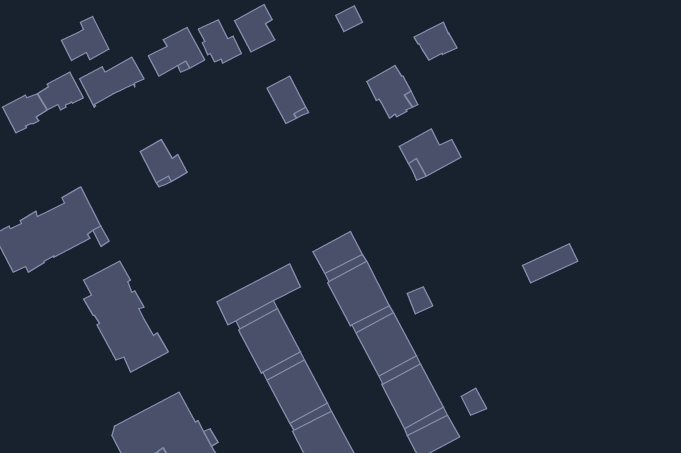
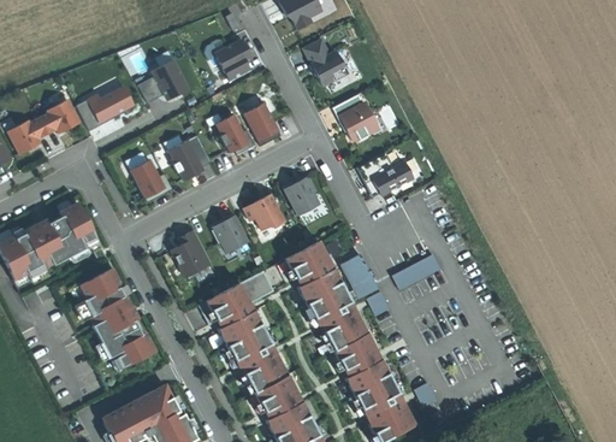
building: [61,16,109,61] -> none
building: [198,20,241,63] -> [217,114,255,153]
building: [414,22,457,60] -> [310,51,349,84]
building: none -> [168,134,212,179]
building: none -> [284,177,320,214]
building: none -> [244,194,285,229]
building: none -> [214,213,249,252]
building: none -> [173,229,213,277]
building: [522,244,578,283] -> [395,253,444,288]
building: none -> [342,253,379,297]

